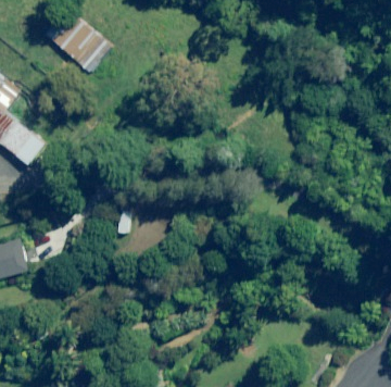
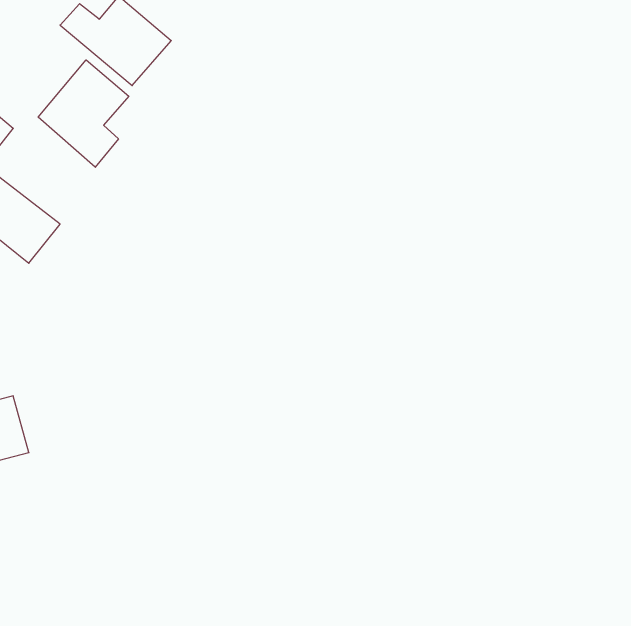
building: none -> [38,60,129,167]

